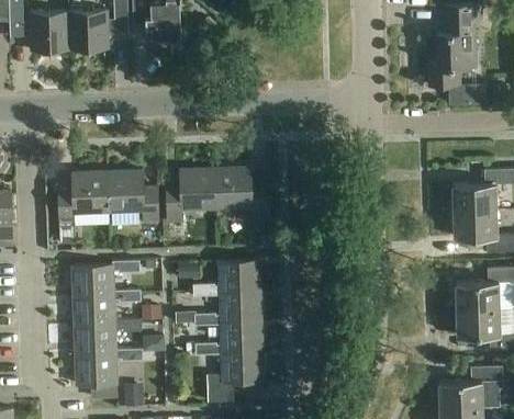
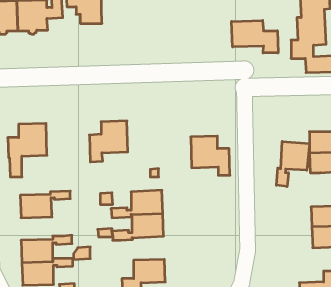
building: none -> [232,20,278,53]
building: [213,168,265,219] -> [191,136,230,175]
building: [107,171,157,224] -> none
building: none -> [276,141,309,187]
building: [74,291,139,326] -> none
building: [194,320,262,354] -> none

